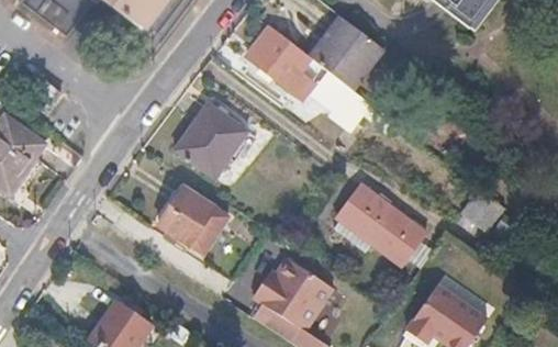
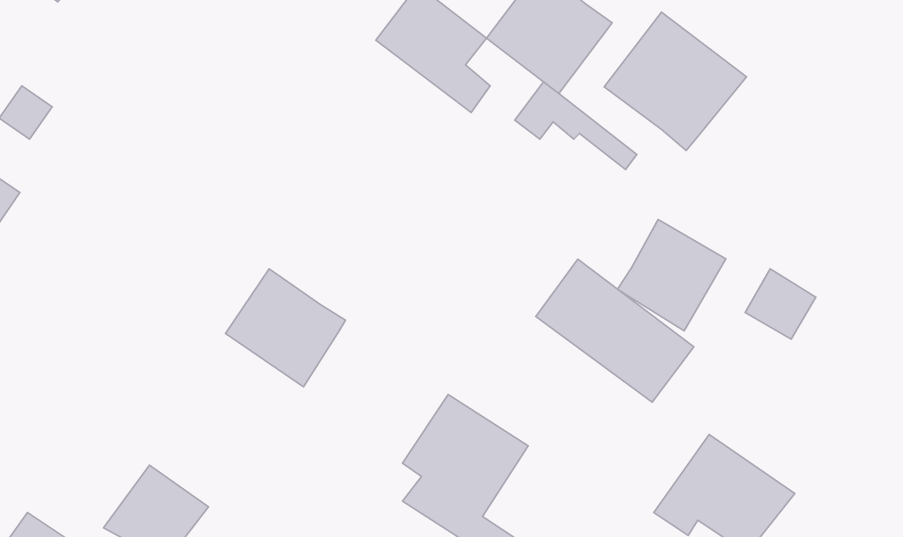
building: none -> [604,12,747,150]
building: [176,104,247,178] -> none
building: none -> [617,219,726,331]

